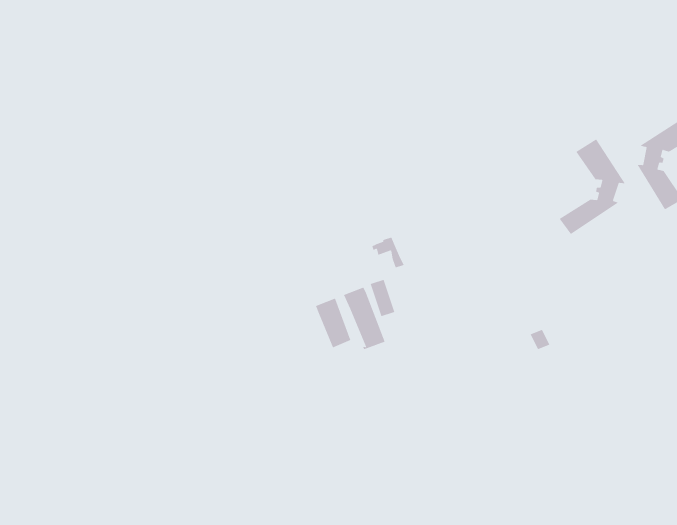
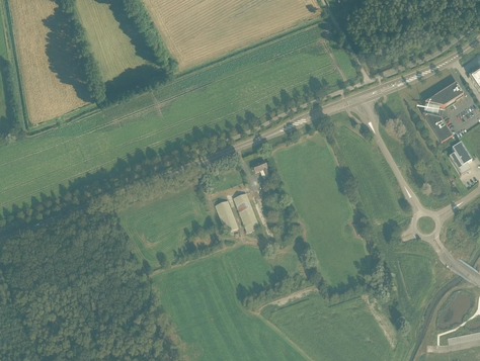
building: [559,138,626,235] -> none

